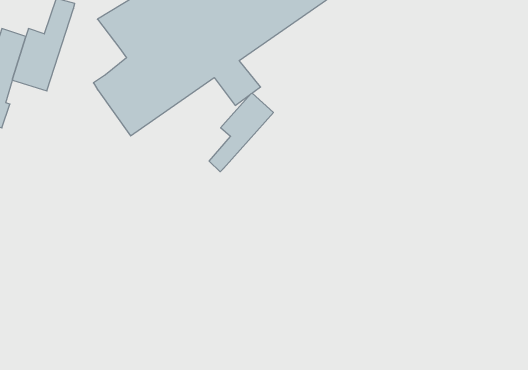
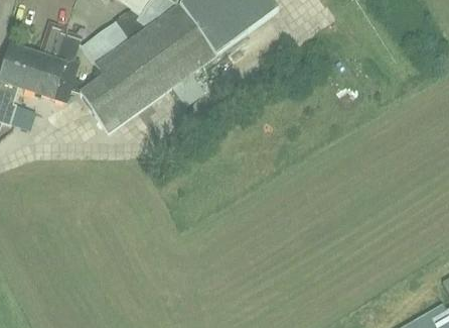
building: none -> [44,33,89,103]
building: [209,93,273,172] -> none

